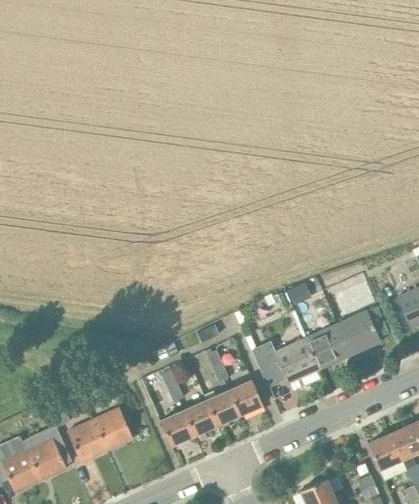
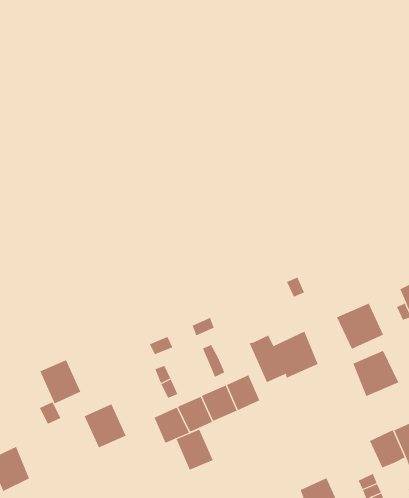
building: [306,324,351,369] -> [352,350,399,397]
building: [67,419,107,462] -> [40,360,81,404]
building: none -> [176,429,213,470]
building: [28,436,68,479] -> none

